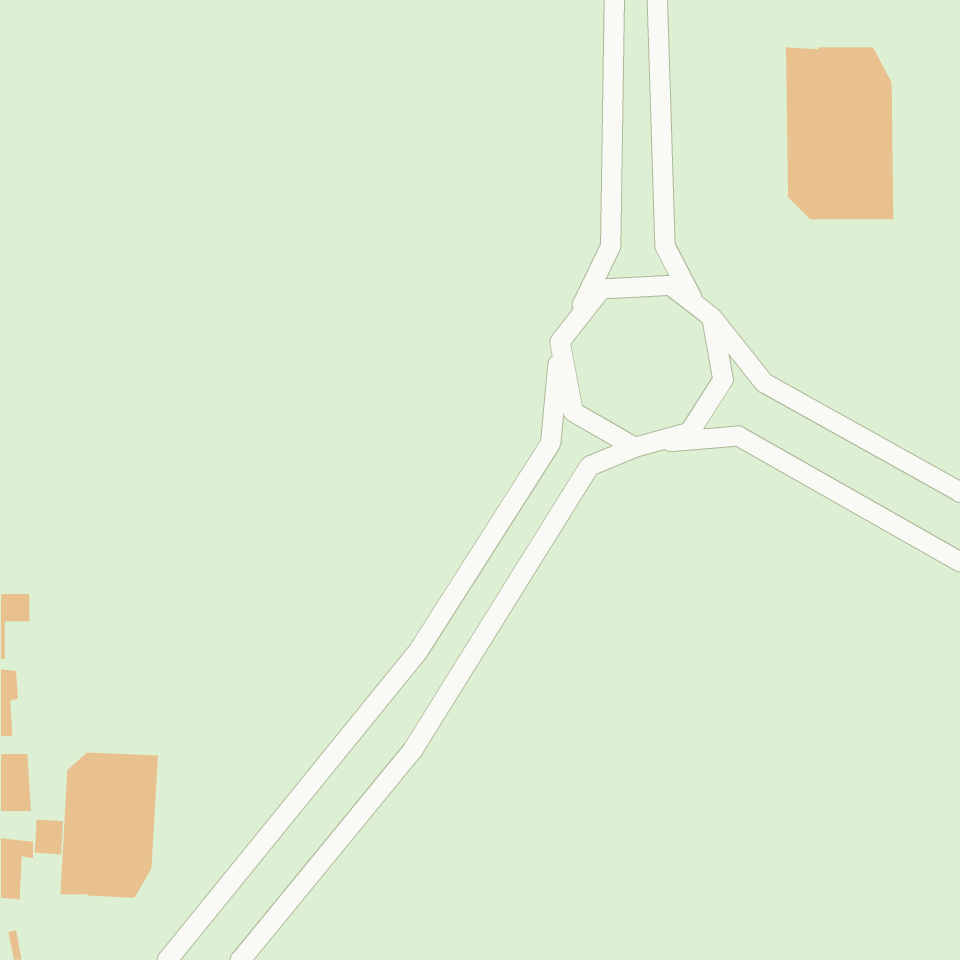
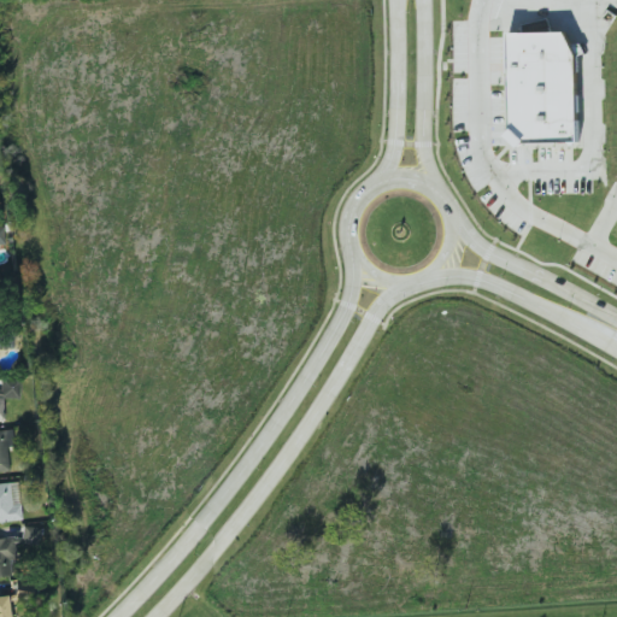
building: [60,752,158,898] -> none

